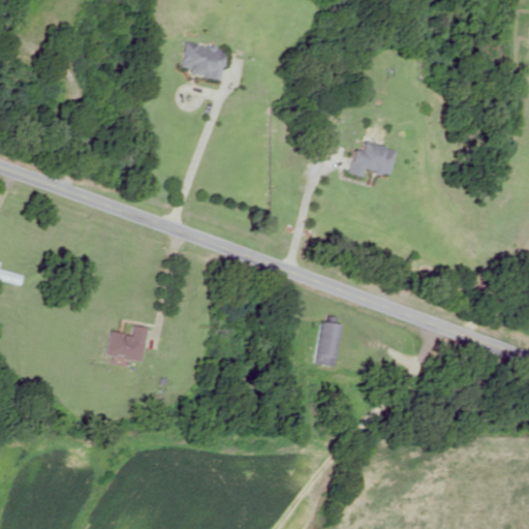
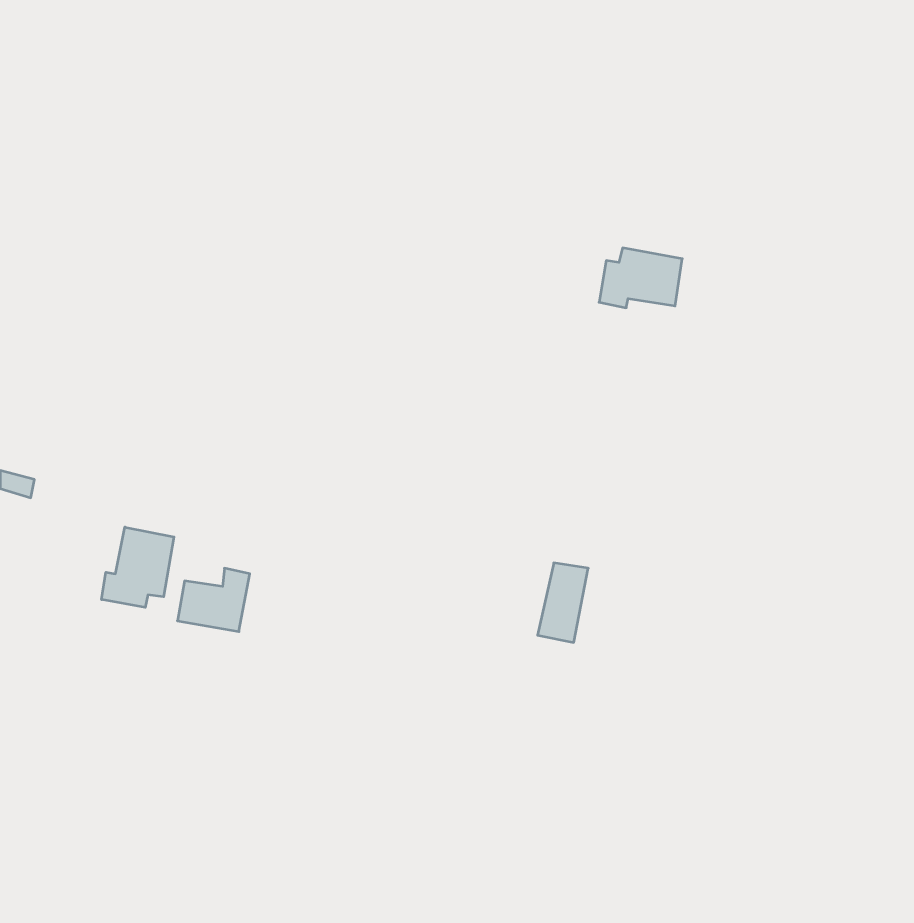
building: [181,41,223,76] -> none
building: none -> [102,527,174,607]

